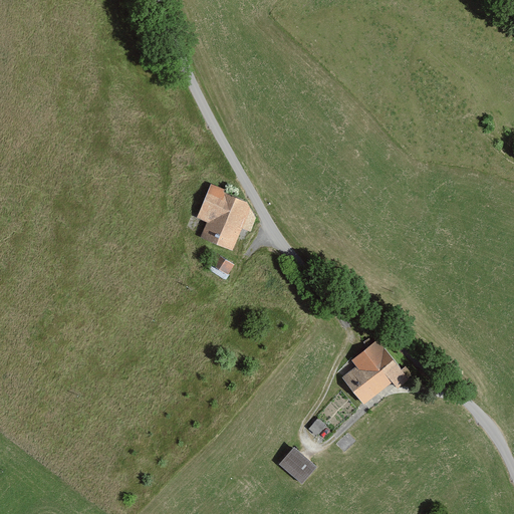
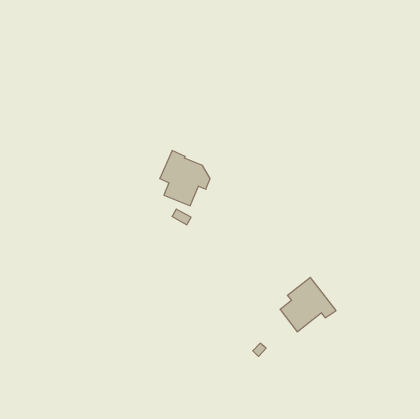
building: [278,446,317,485] -> none

